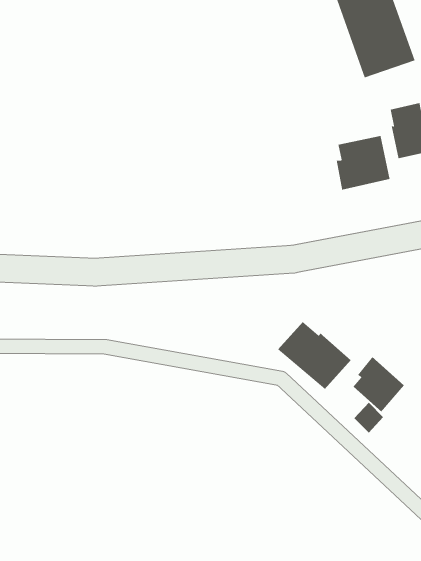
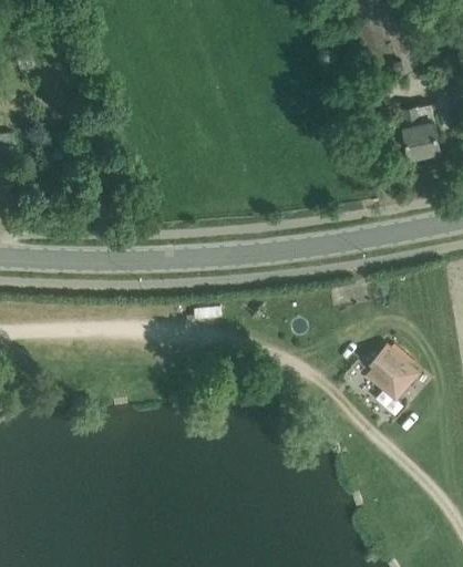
building: [336,135,390,190] -> none
building: [277,321,352,390] -> none

